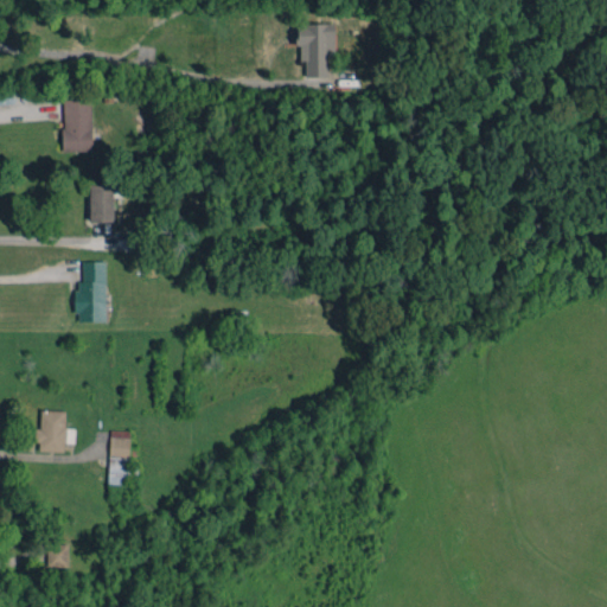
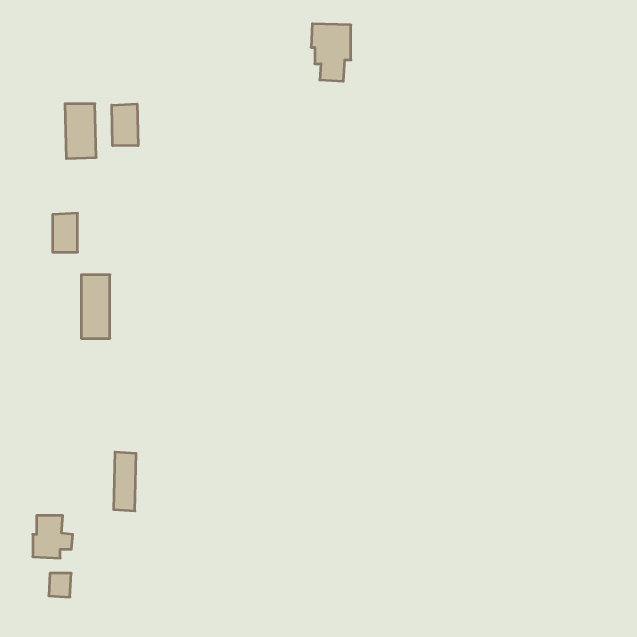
building: none -> [112,104,138,146]
building: [90,185,114,222] -> [53,213,78,252]
building: [38,411,76,452] -> [33,516,73,558]

